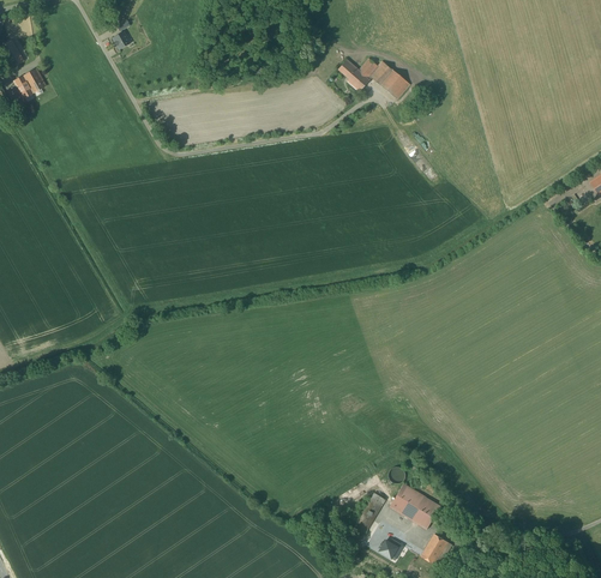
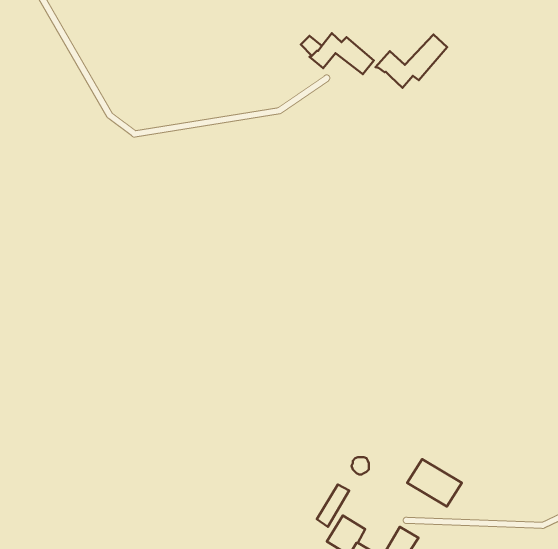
building: none -> [376,35,447,88]
building: [389,483,441,529] -> [407,459,462,506]

